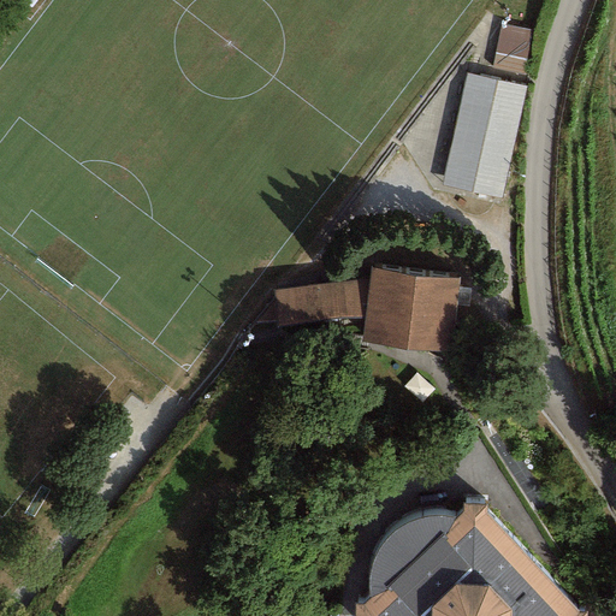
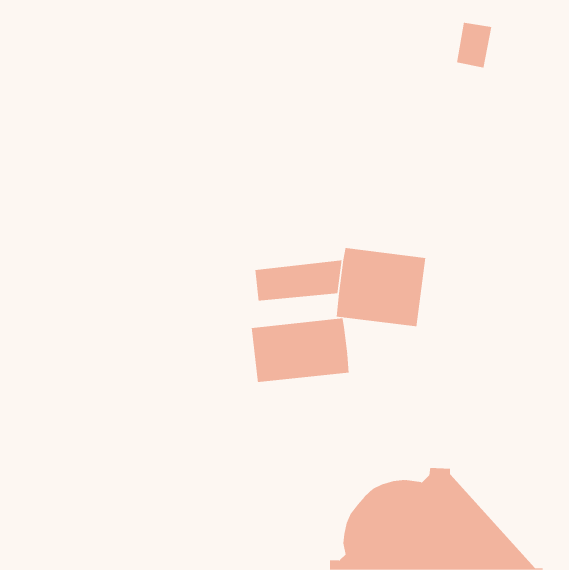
building: [443,77,525,199] -> none
building: none -> [251,318,349,383]

